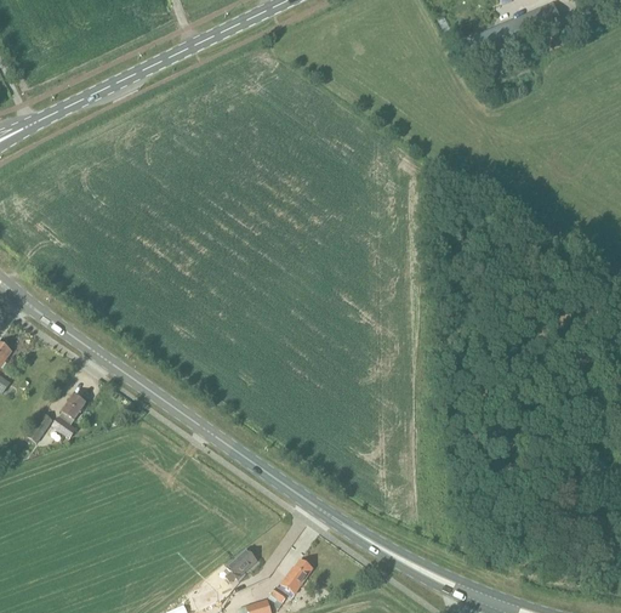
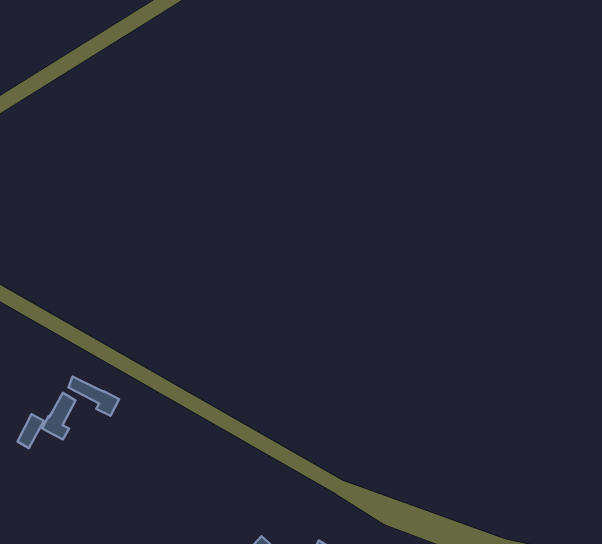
building: none -> [68,376,119,416]

